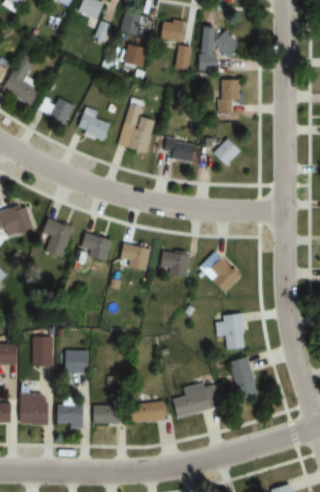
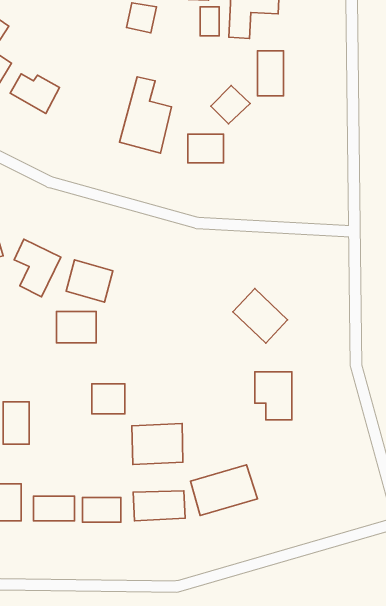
building: [77,107,112,141] -> none
building: [212,138,241,166] -> [211,86,250,124]
building: [121,246,150,269] -> [57,311,96,343]
building: [158,249,192,279] -> none
building: none -> [132,423,183,465]
building: [64,352,88,374] -> [92,384,125,414]
building: [229,356,256,402] -> none

